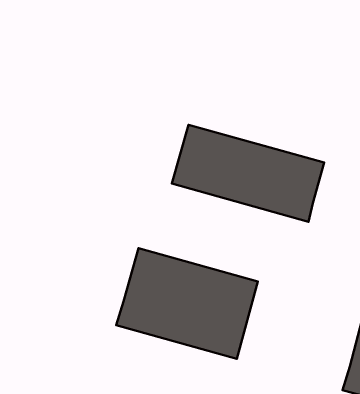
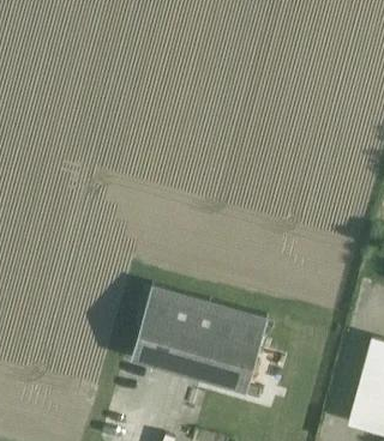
building: [172,125,324,222] -> none

